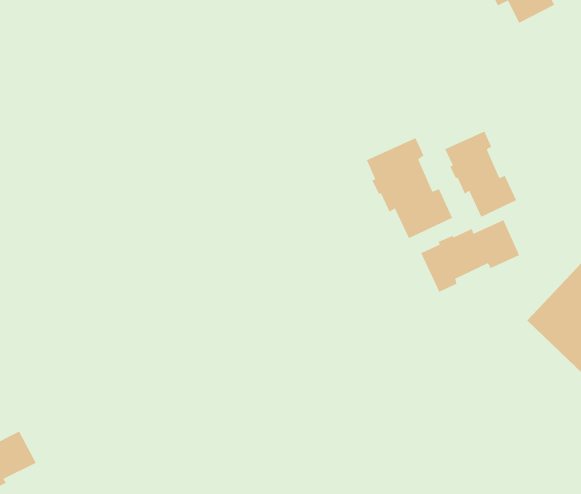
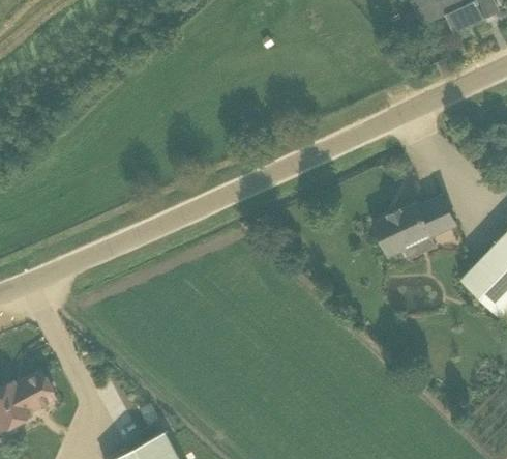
building: [444,131,517,218] -> none
building: [366,137,453,239] -> none

